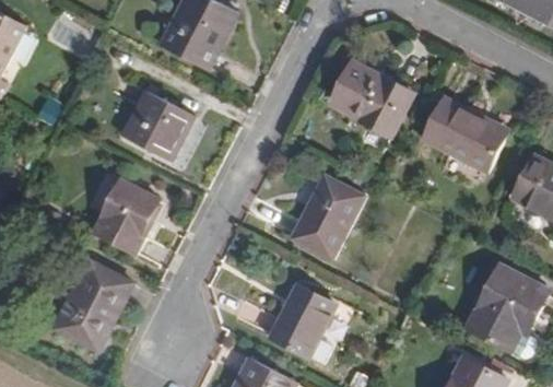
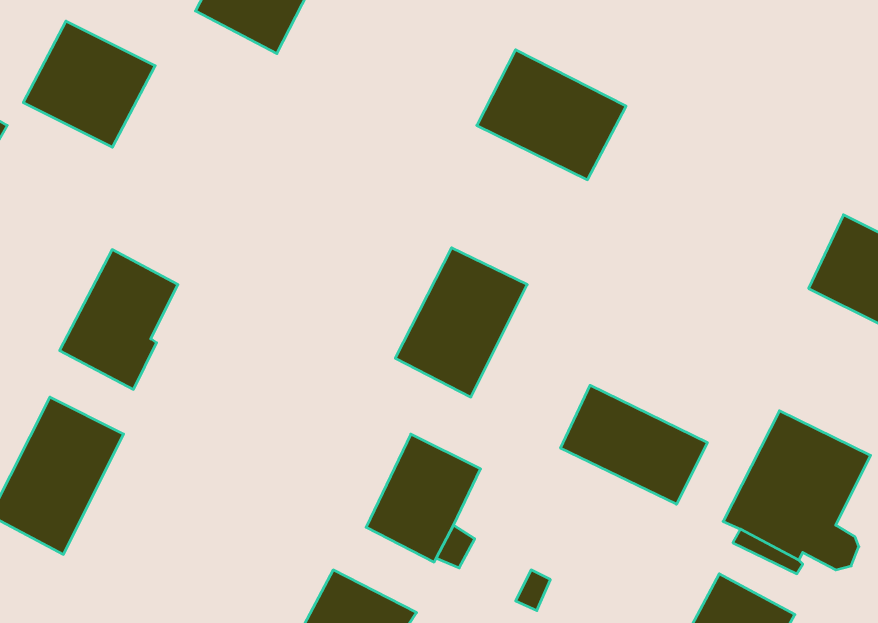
building: [122,84,197,155] -> [23,21,155,147]
building: [422,99,505,176] -> none
building: none -> [561,385,707,504]

